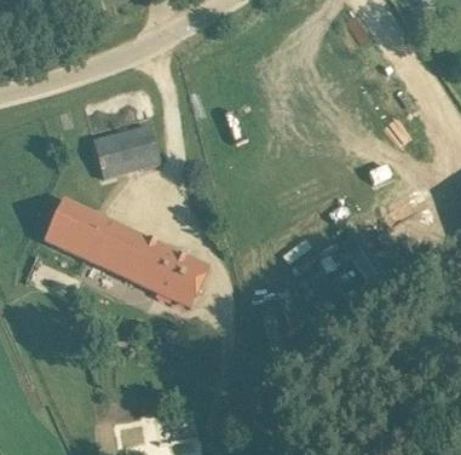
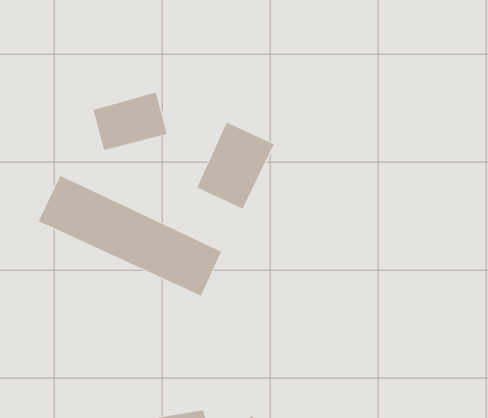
building: none -> [197,122,274,210]

